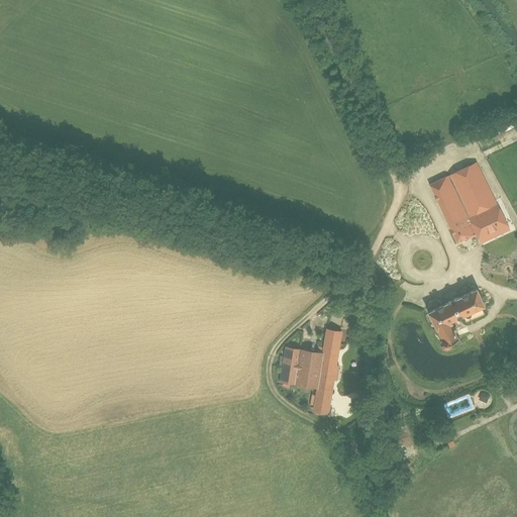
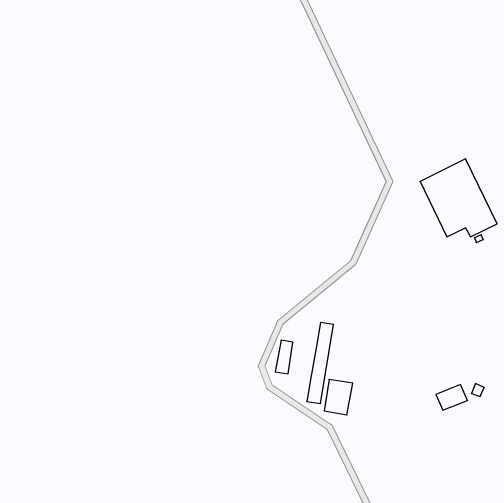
building: [428,289,486,347] -> none
building: [295,351,324,388] -> [324,379,353,415]

